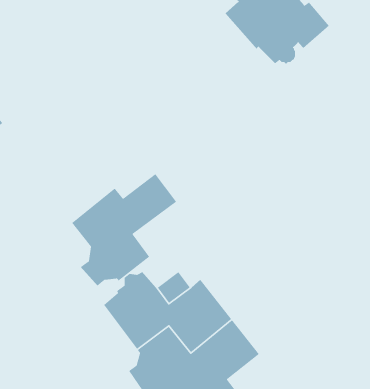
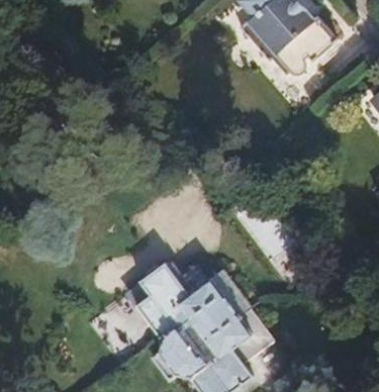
building: [71,173,177,287] -> none

